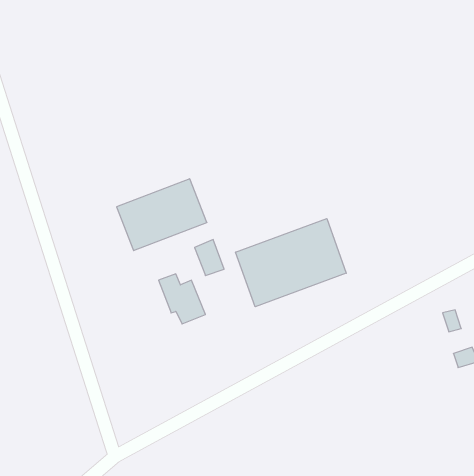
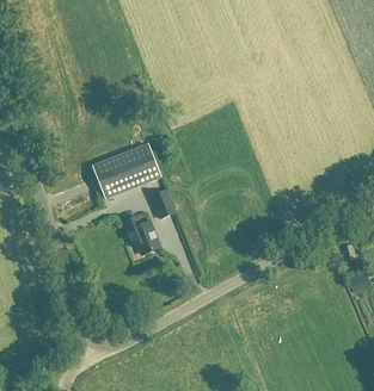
building: [236,219,346,307] -> none

